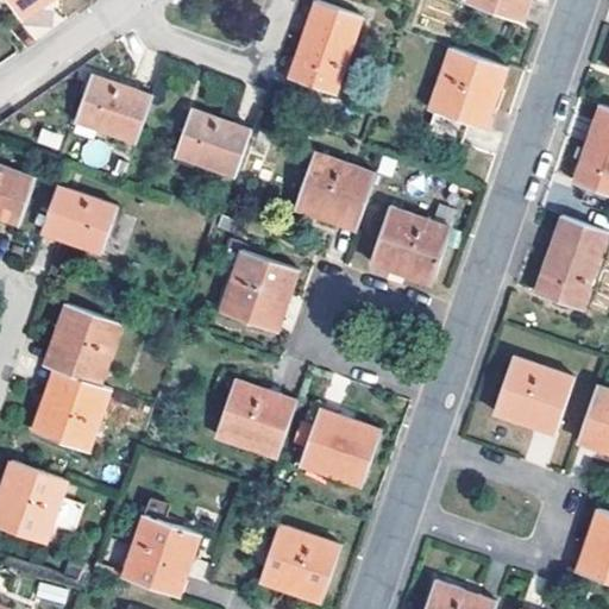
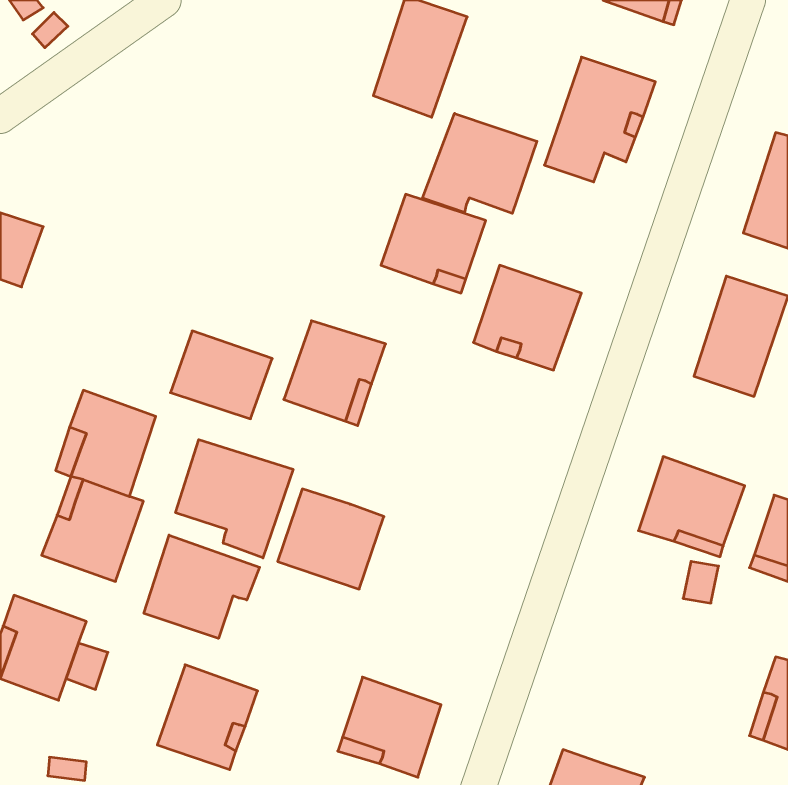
building: [75,75,151,140] -> none
building: none -> [423,113,537,213]
building: [172,108,251,175] -> none
building: [39,184,118,252] -> [170,331,272,419]
building: none -> [176,440,293,558]
building: [299,409,382,485] -> none
building: none -> [144,535,260,638]

